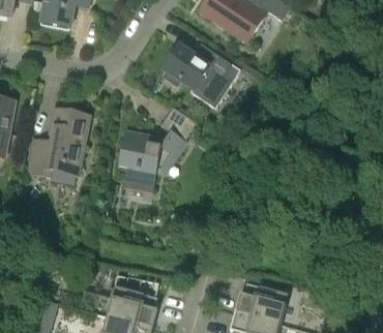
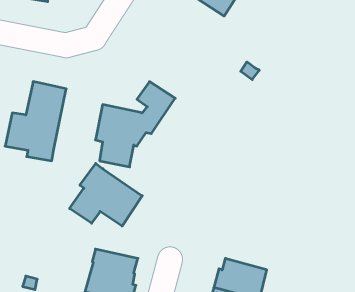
building: [163,44,240,110] -> none
building: none -> [70,163,142,226]

